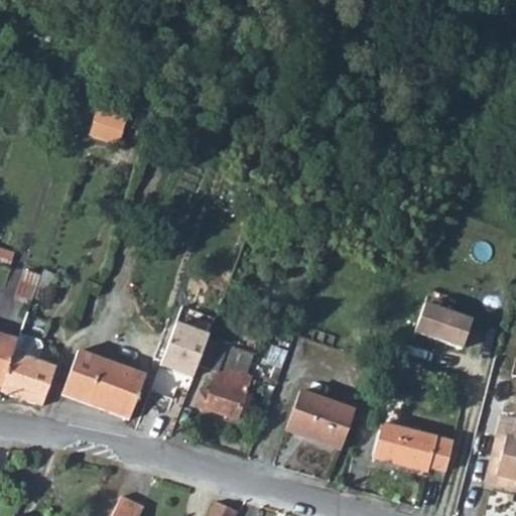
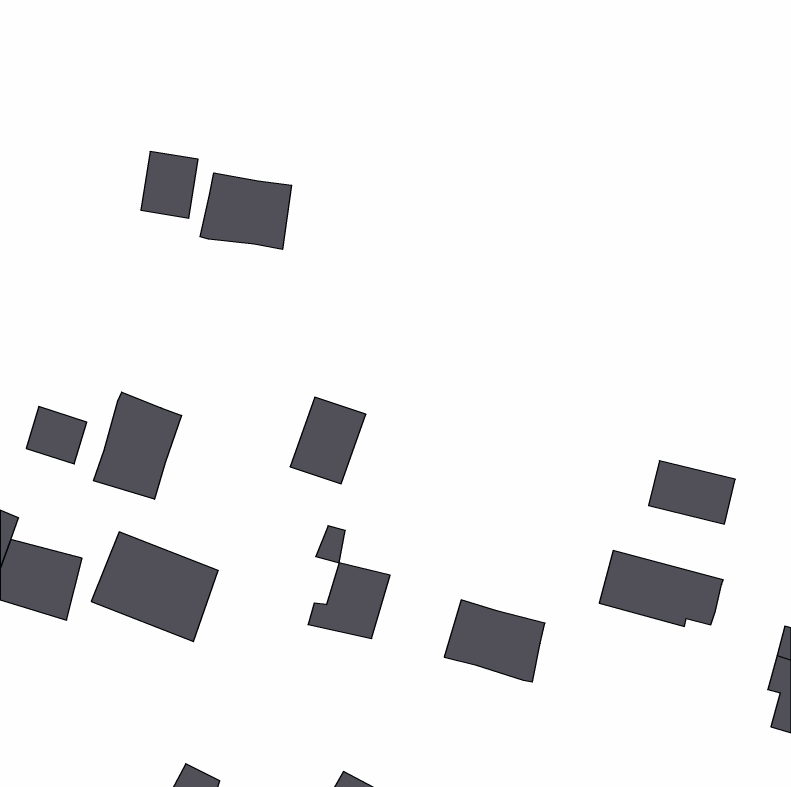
building: none -> [200,173,292,249]
building: none -> [93,392,182,499]
building: [155,321,205,378] -> [290,397,366,484]
building: [375,419,456,469] -> [599,551,723,626]

